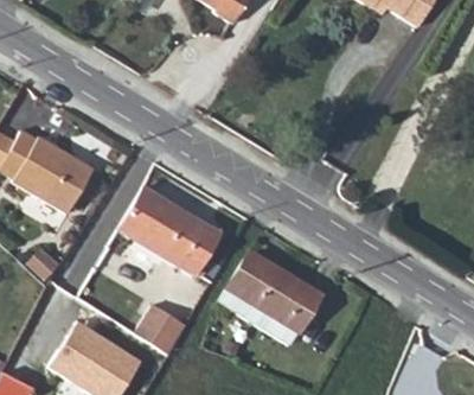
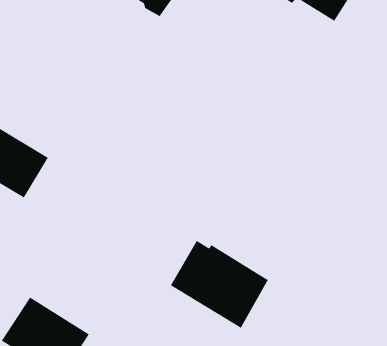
building: [121,189,223,278] -> none
building: [139,301,192,352] -> none

